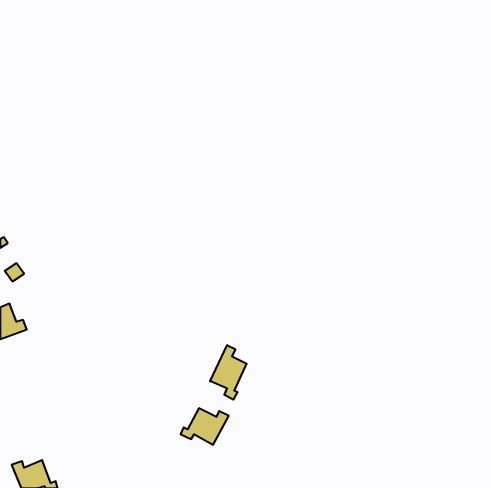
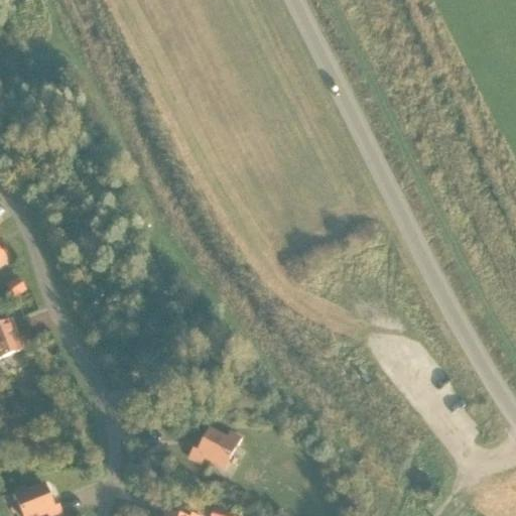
building: [210,345,247,400] -> none

